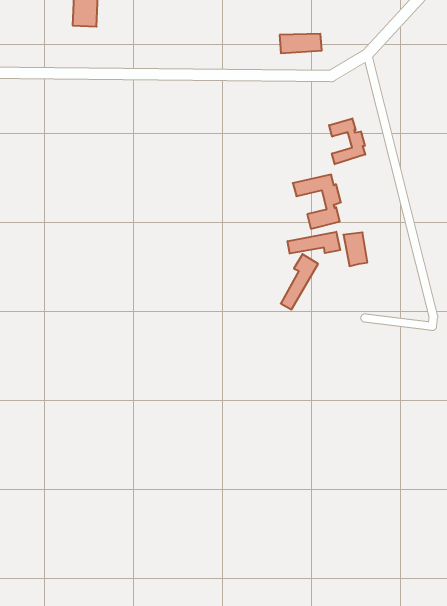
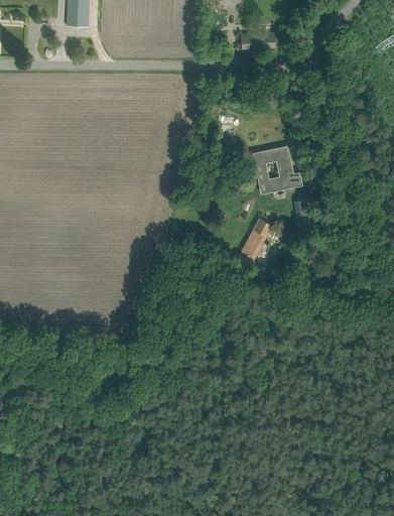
building: [329,118,365,164] -> none
building: [288,232,340,254] -> none

